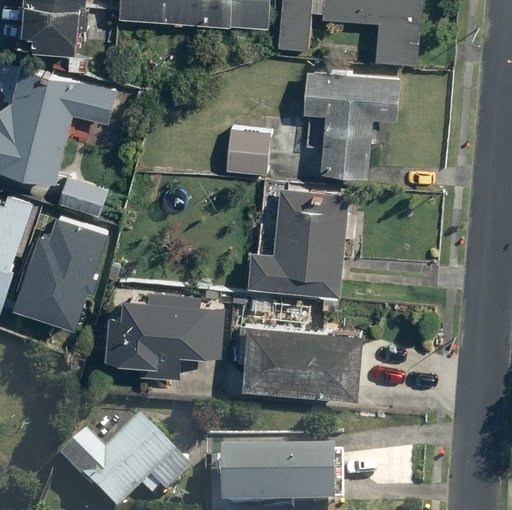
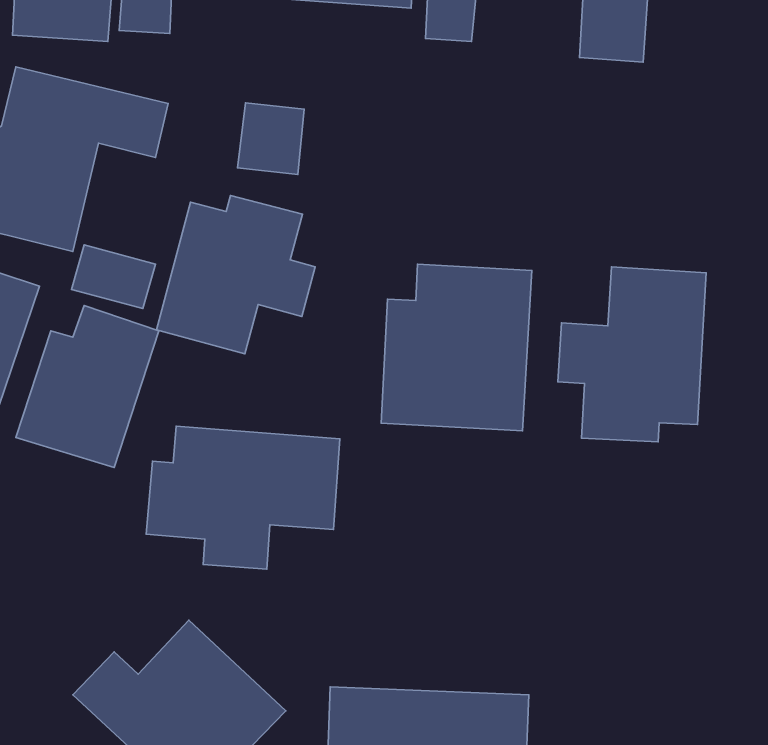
building: [301,73,400,177] -> none
building: [227,129,269,174] -> [237,103,304,174]
building: none -> [156,195,315,354]
building: none -> [558,267,706,442]
building: [233,302,362,397] -> none

